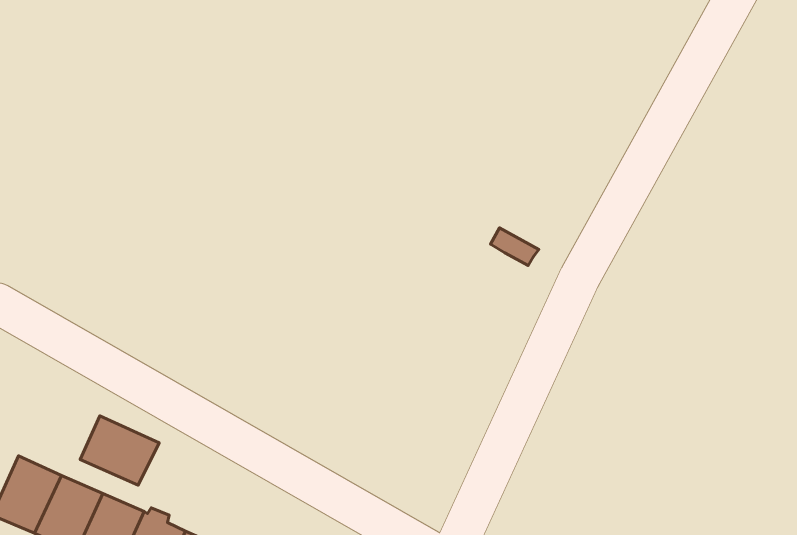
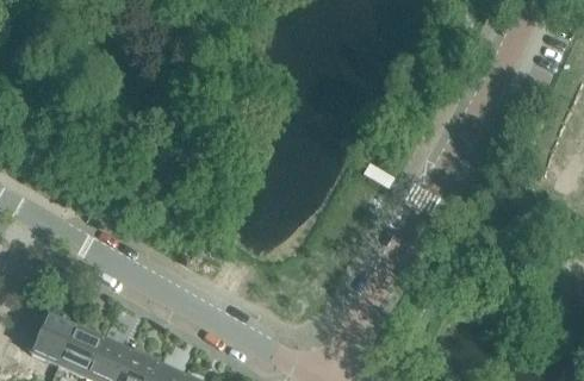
building: [80,416,159,485] -> none

